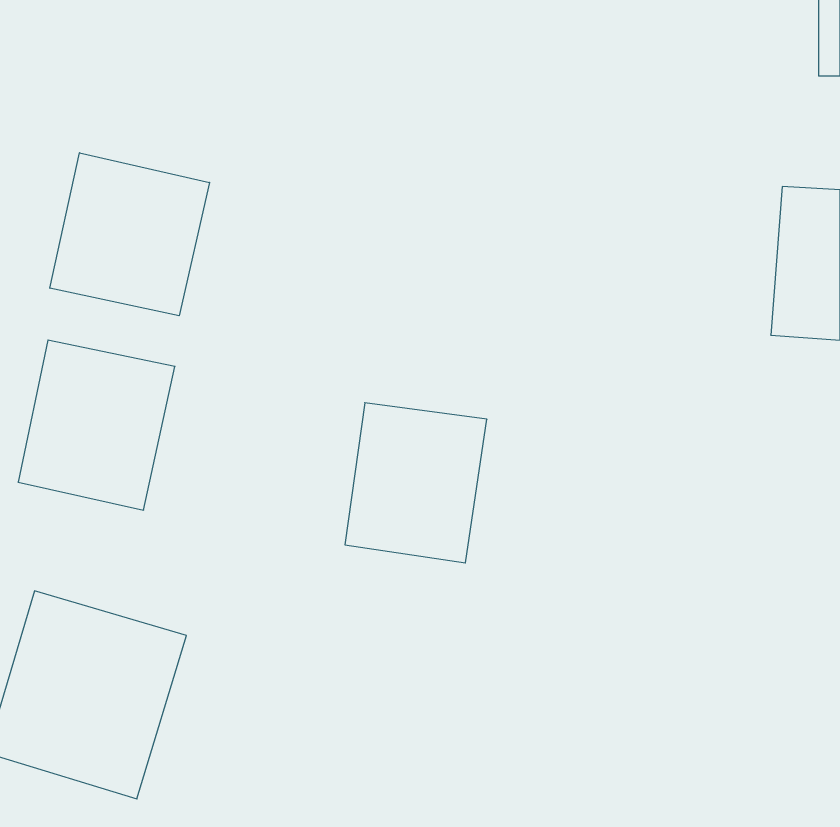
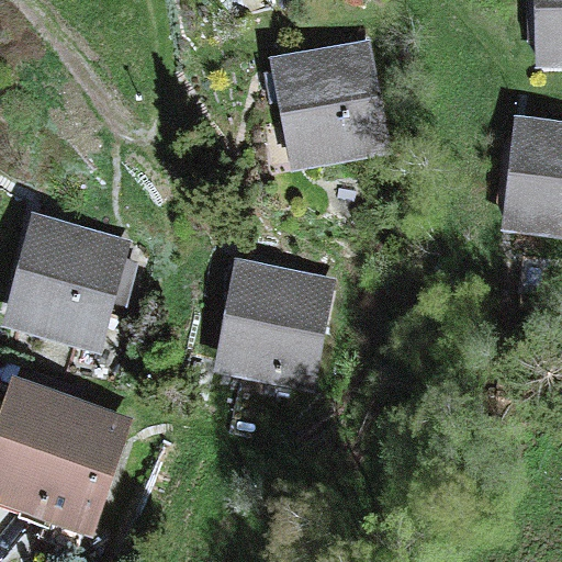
building: none -> [282,45,378,156]
building: [50,153,210,316] -> none

